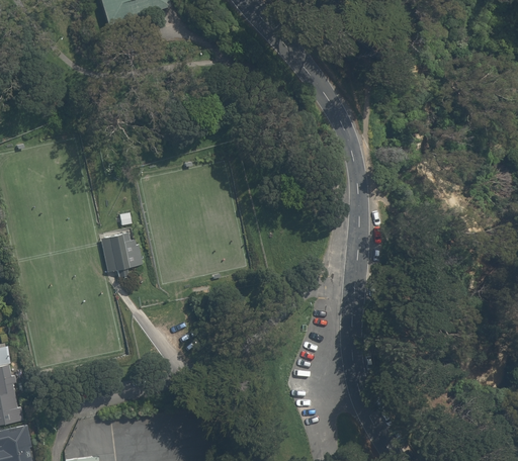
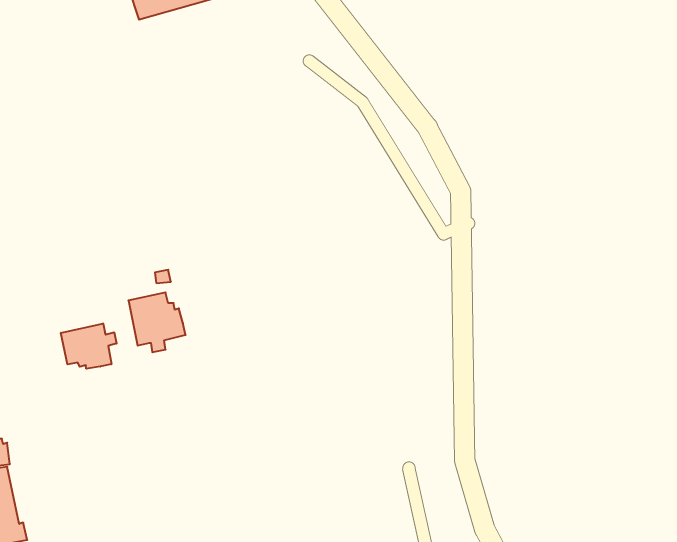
building: none -> [61,323,117,369]

